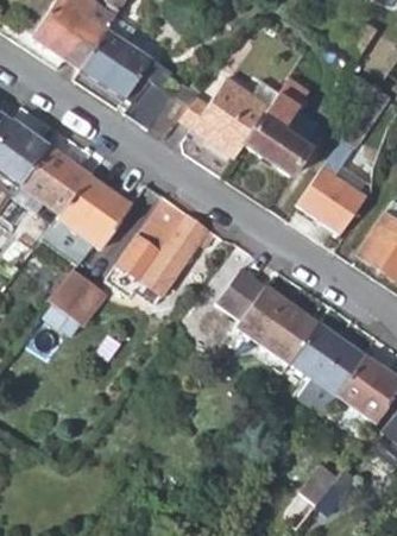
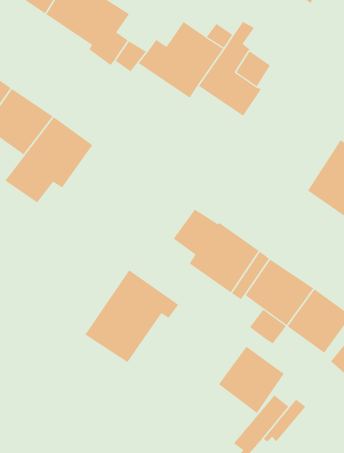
building: [295,143,366,233] -> none
building: [118,196,216,294] -> [85,269,179,363]
building: [49,270,99,317] -> none
building: none -> [218,346,284,414]

